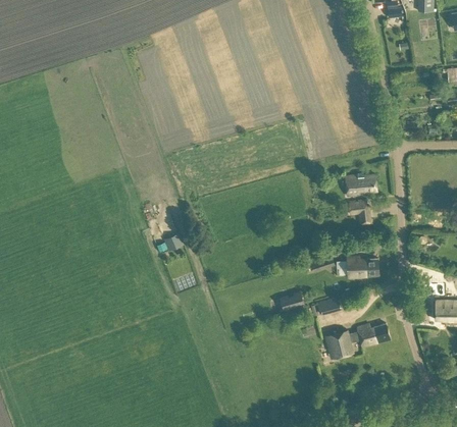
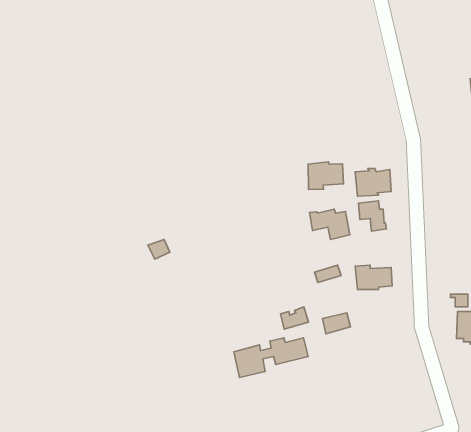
building: none -> [308,162,344,190]
building: none -> [310,209,350,240]
building: [324,323,390,358] -> [234,338,308,377]

